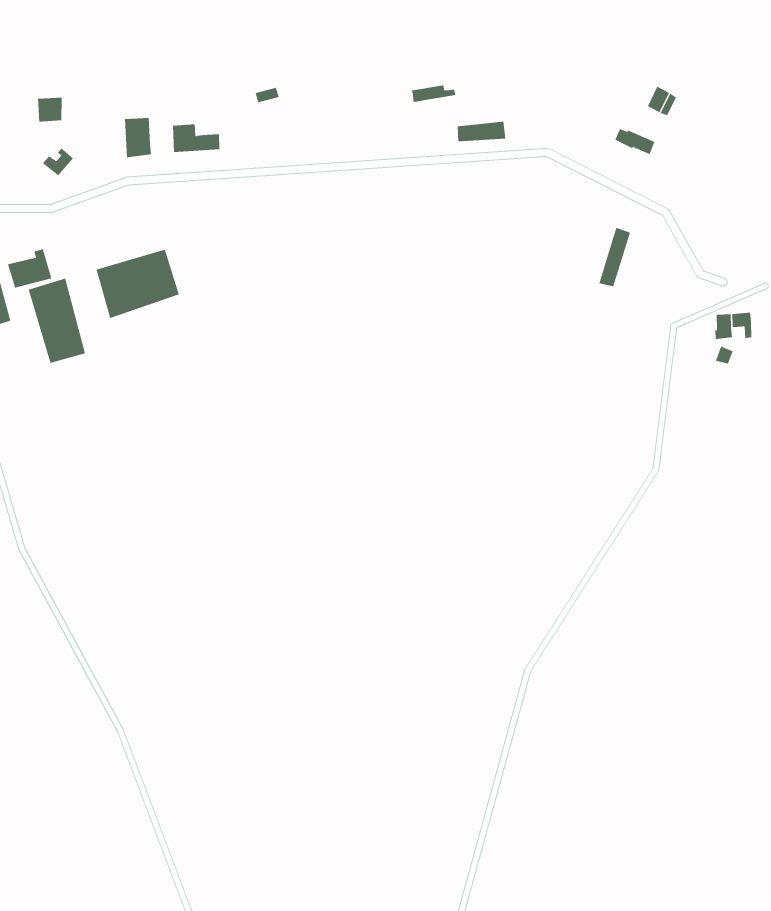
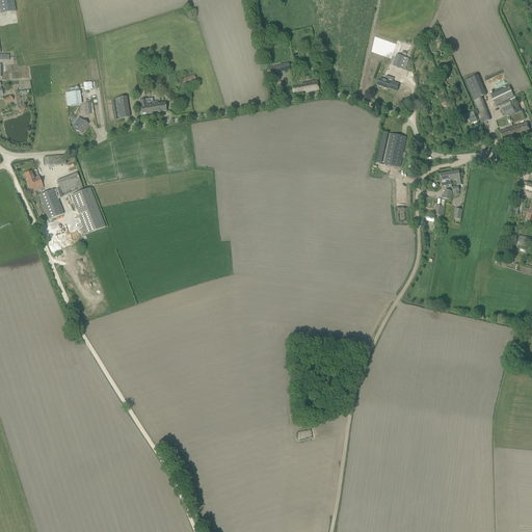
building: none -> [384,132,406,166]
building: [96,249,179,319] -> none

